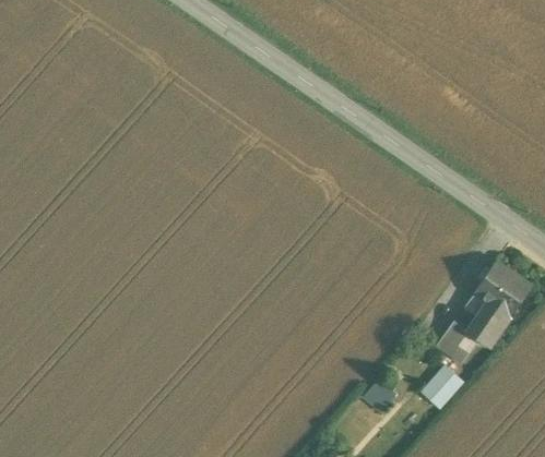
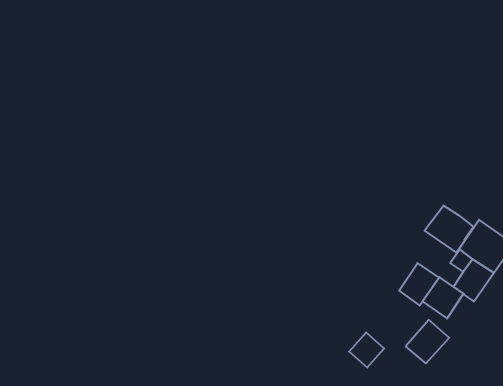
building: none -> [425,205,474,253]
building: none -> [399,263,439,306]

